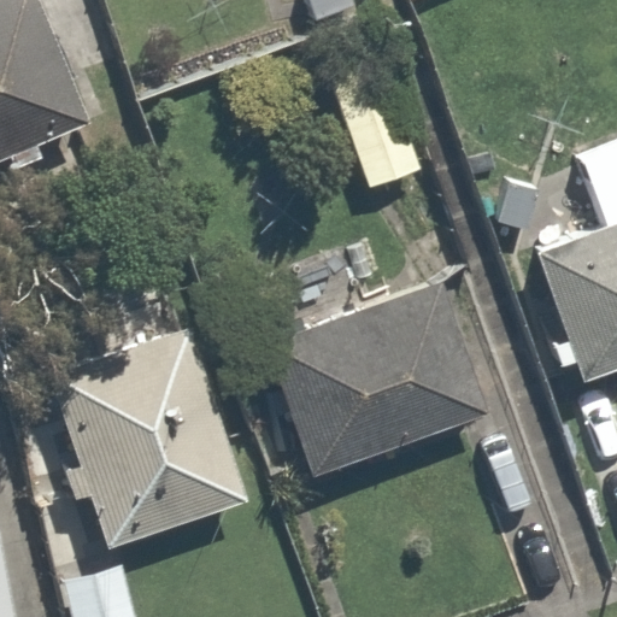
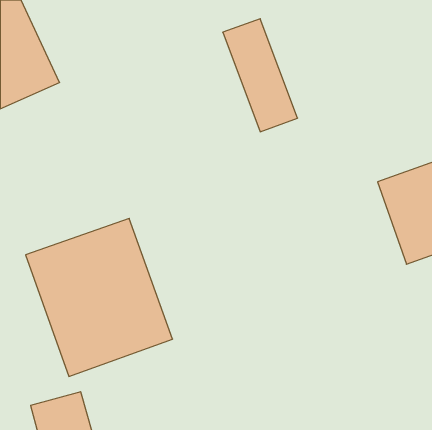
building: [252,287,500,481] -> none

